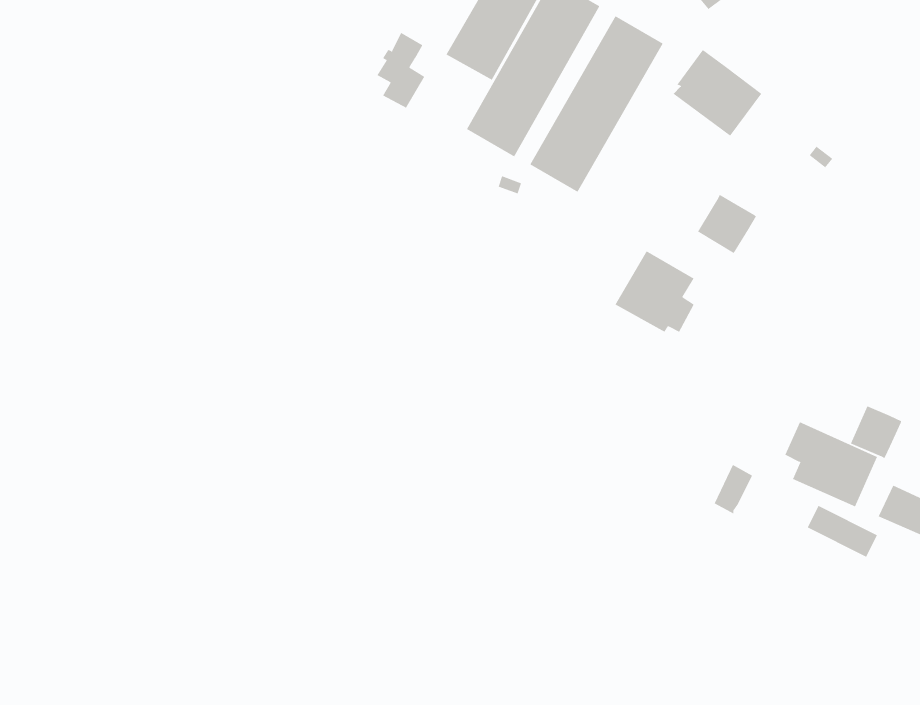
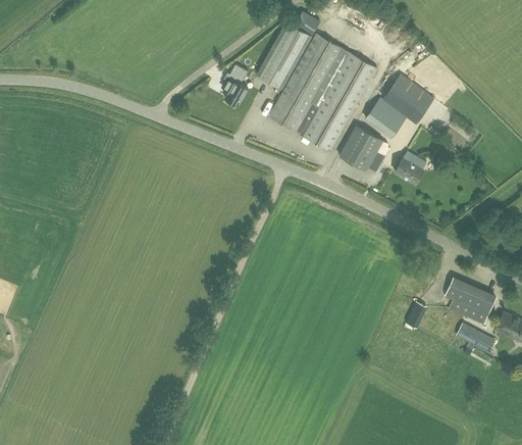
building: none -> [364,96,406,136]
building: [614,251,695,332] -> [340,126,383,170]
building: [850,405,902,459] -> none

